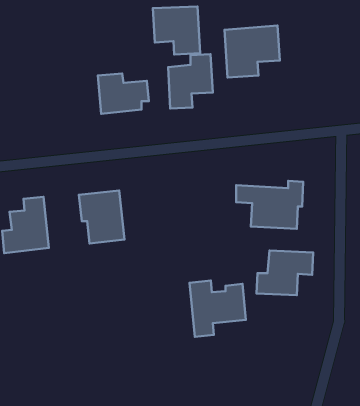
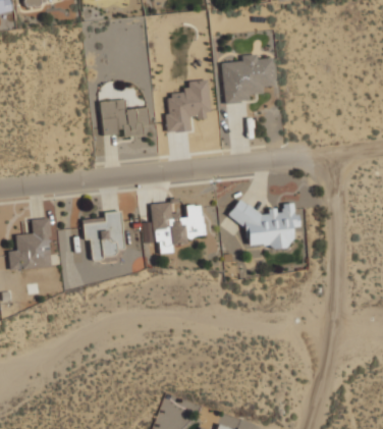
building: [153,6,200,55] -> none
building: [257,251,313,295] -> none
building: [189,281,246,337] -> [151,201,205,255]

